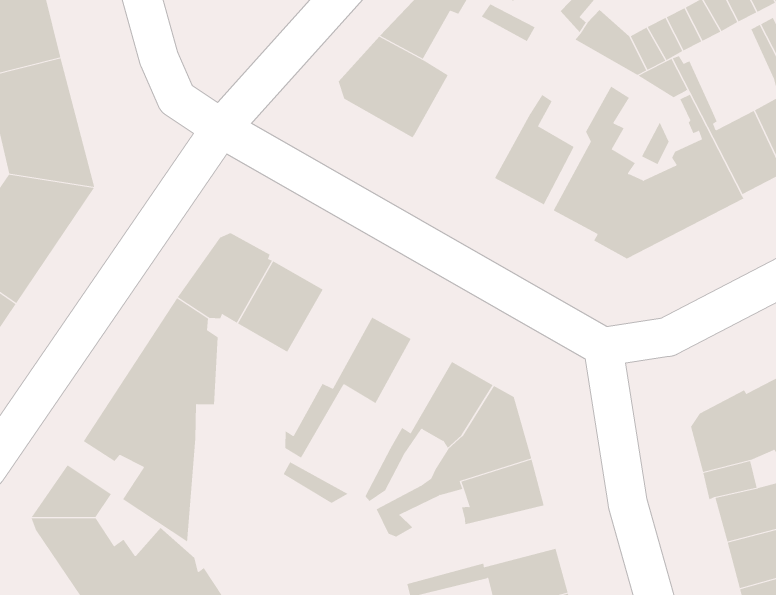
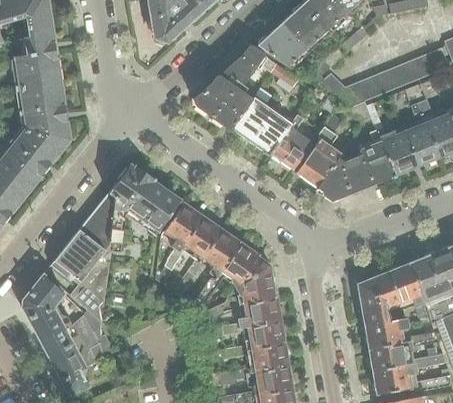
building: none -> [232,96,291,154]
building: none -> [162,203,202,251]
building: none -> [173,230,240,296]
building: none -> [206,320,284,348]

